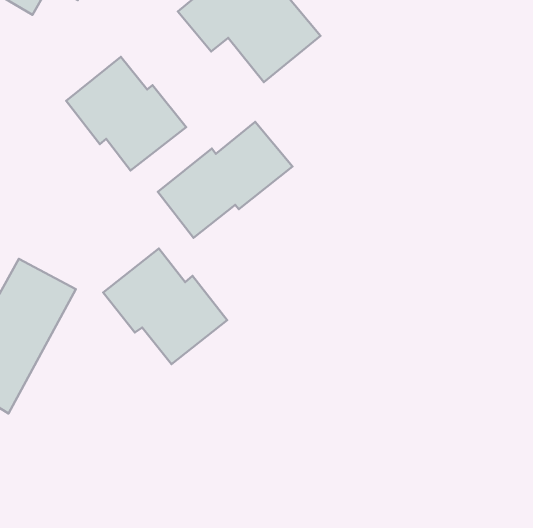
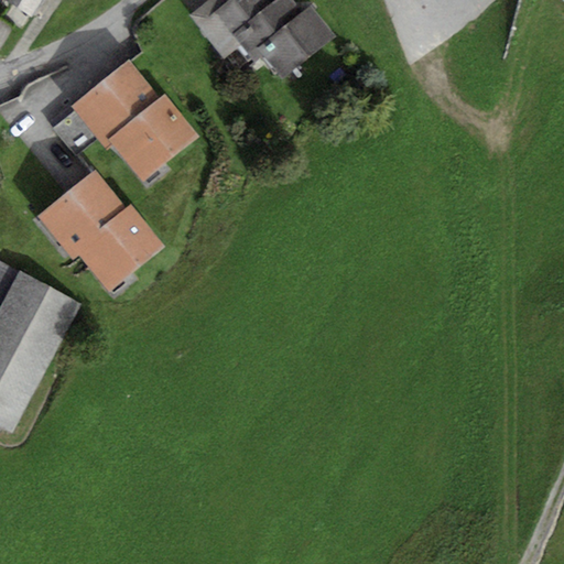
building: [158,122,292,238] -> none
building: [103,248,227,364] -> [35,170,165,291]

